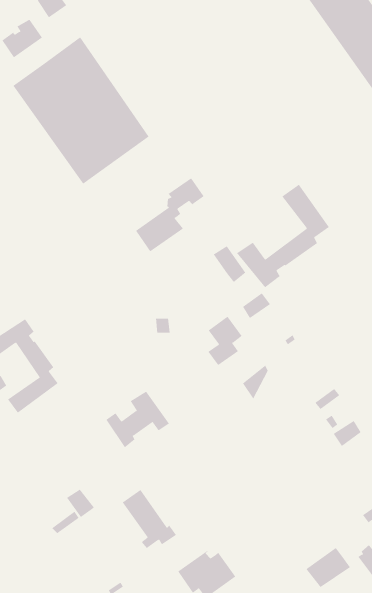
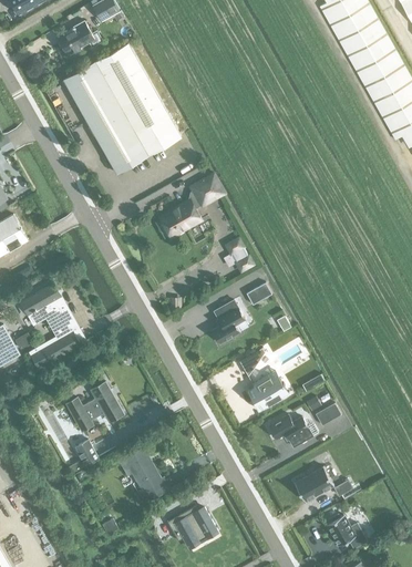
building: [236,184,340,288] -> none
building: [105,391,170,448] -> [66,382,123,431]
building: none -> [247,371,289,410]
building: none -> [268,414,312,446]
building: [306,547,351,588] -> [293,466,333,501]

